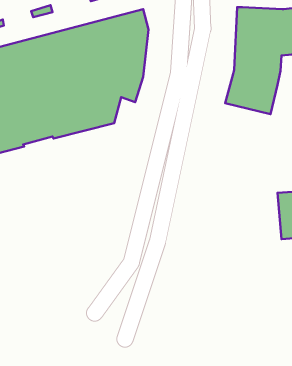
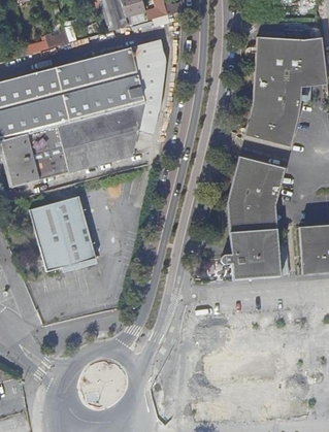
building: none -> [221,157,286,278]
building: none -> [29,196,94,271]

